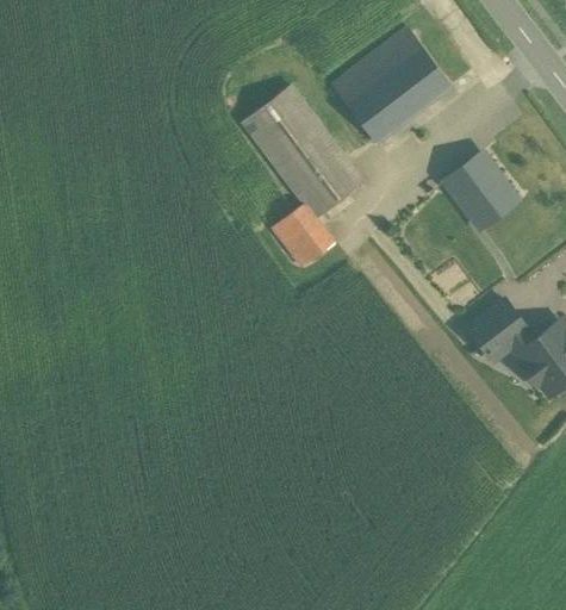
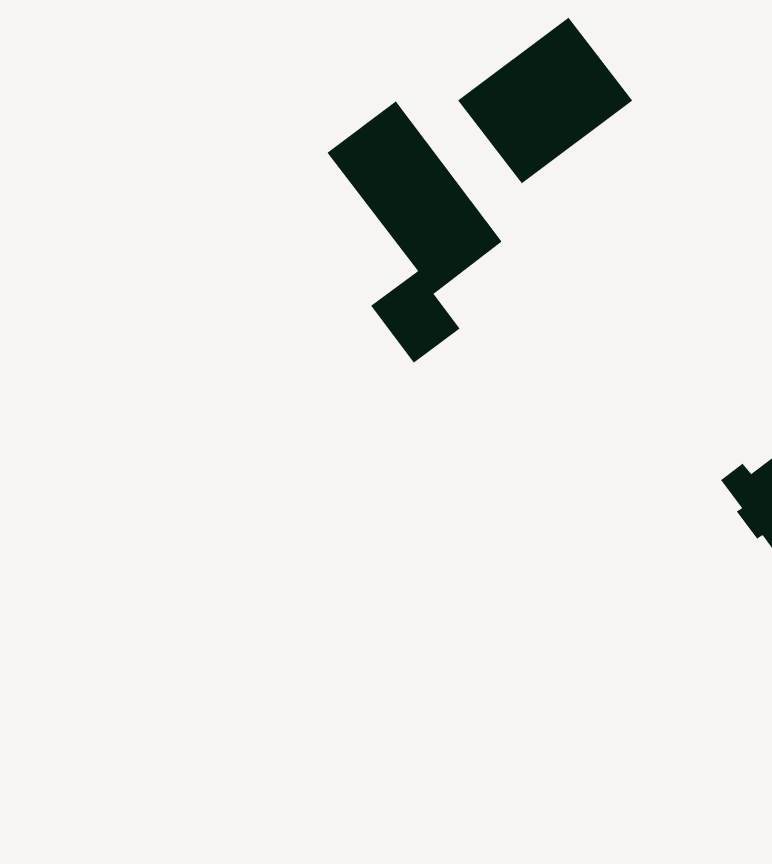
building: [444,152,517,229] -> none
building: [468,301,529,360] -> none

